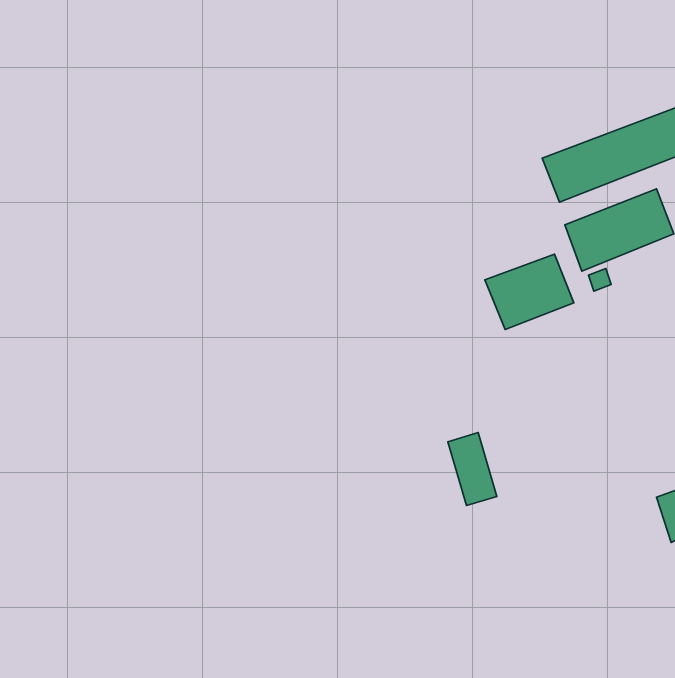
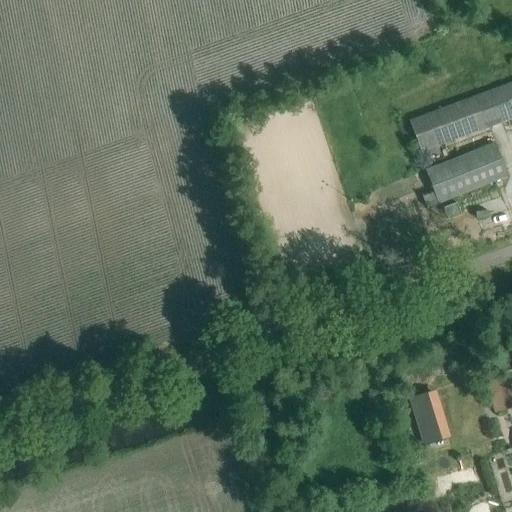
building: [485,254,574,330] -> none
building: [448,433,497,506] -> [412,390,449,445]

